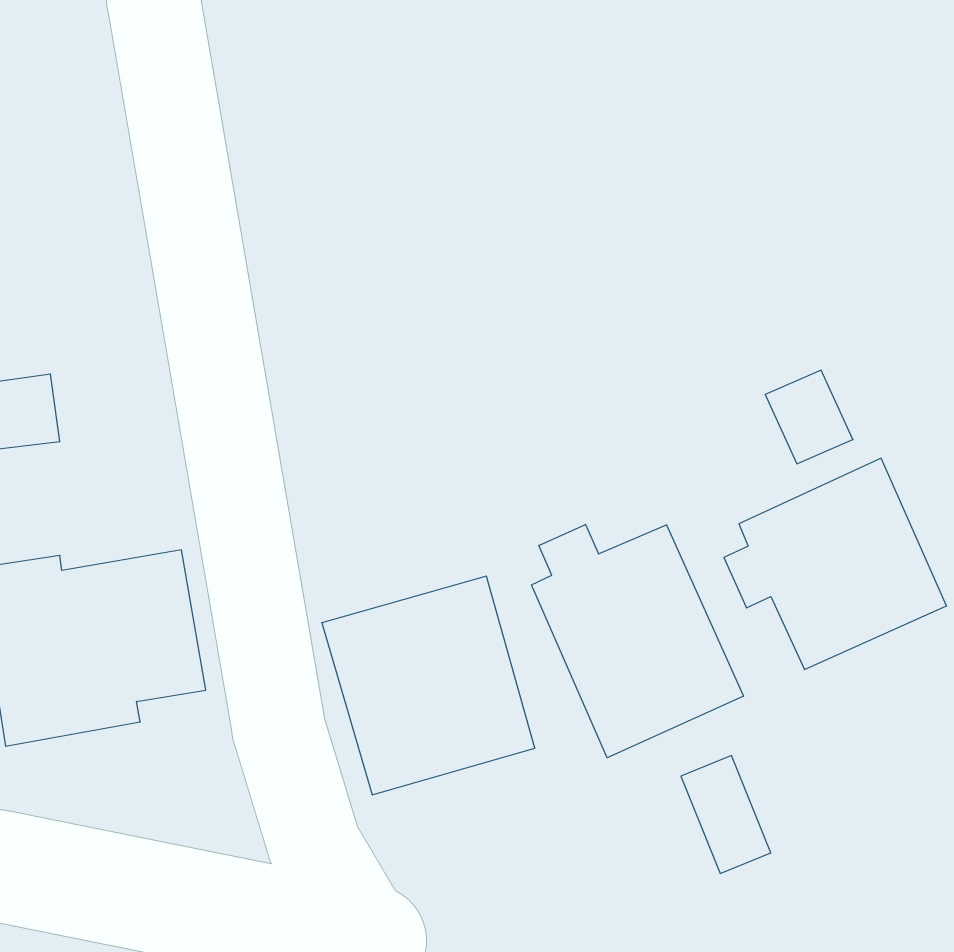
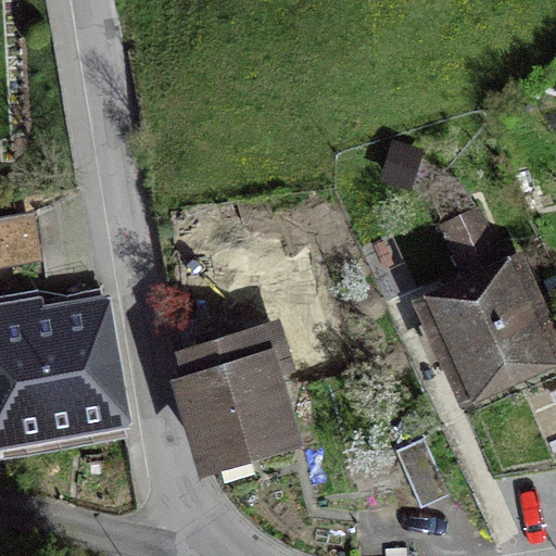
building: [532,524,743,758] -> none

